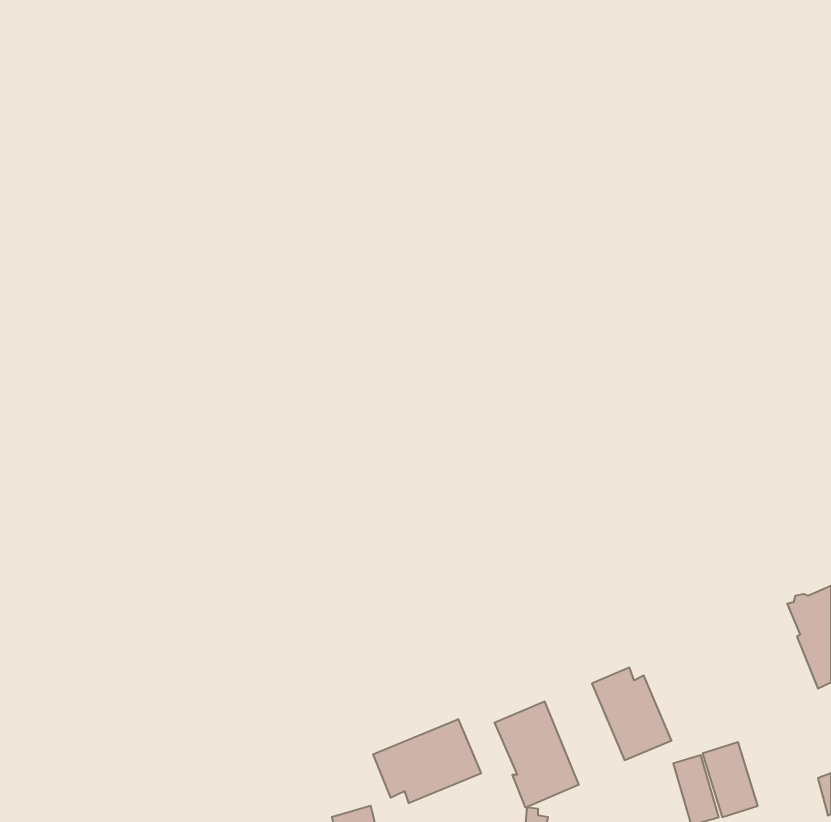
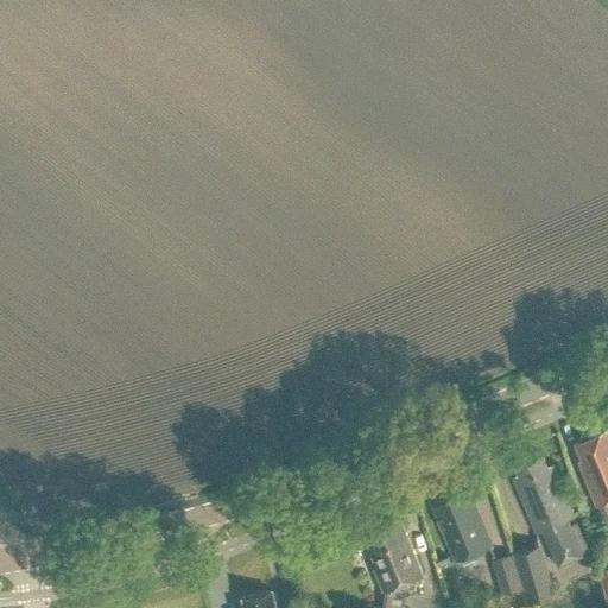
building: none -> [514,460,583,571]
building: [373,719,481,803] -> none

